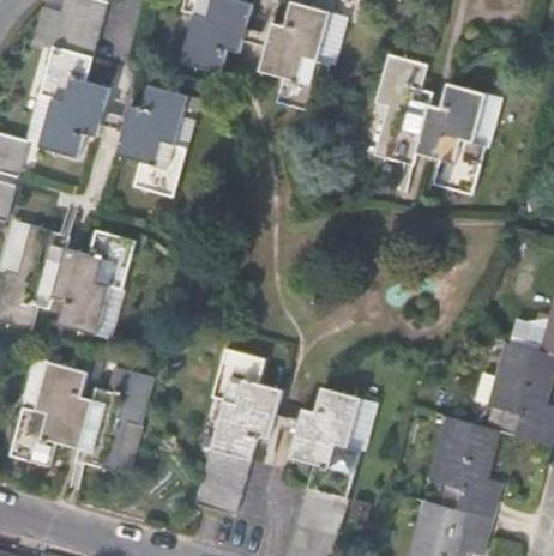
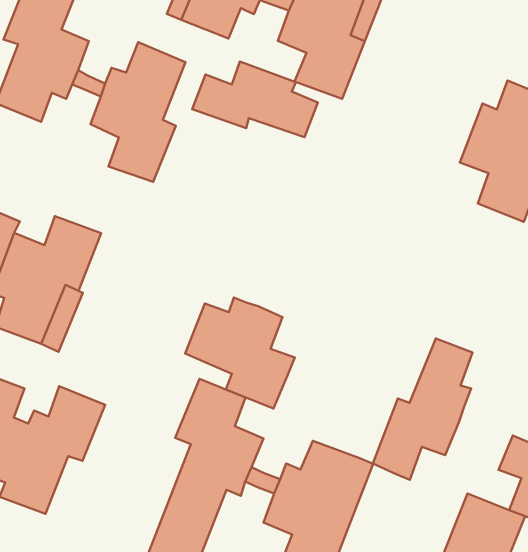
building: [375,54,432,164] -> none
building: none -> [192,61,318,137]
building: none -> [185,298,295,408]
building: none -> [373,338,473,480]

